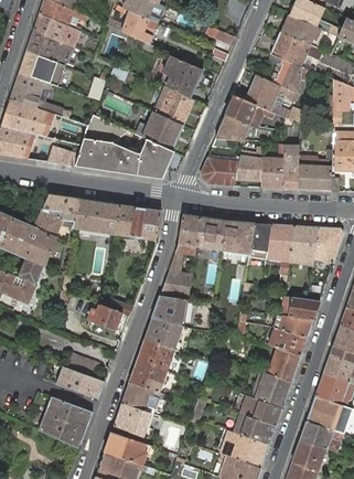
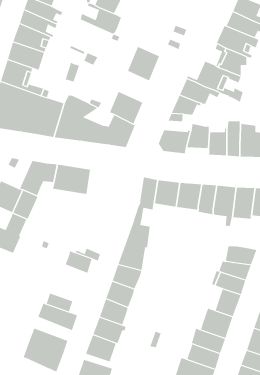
building: [152,87,193,125] -> none
building: [115,205,161,241] -> none

